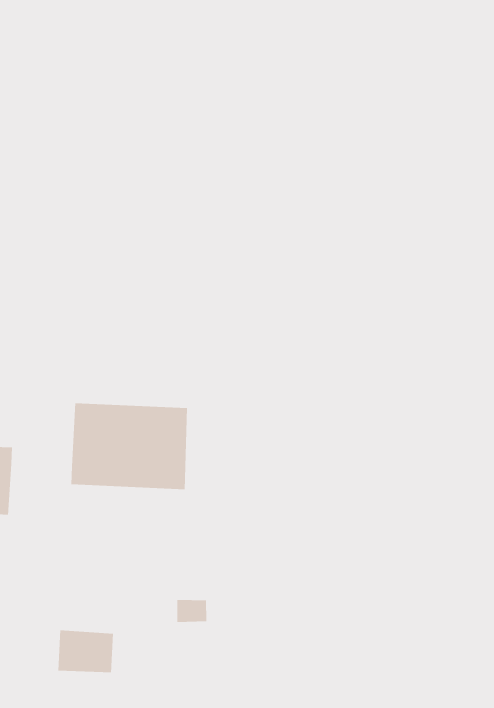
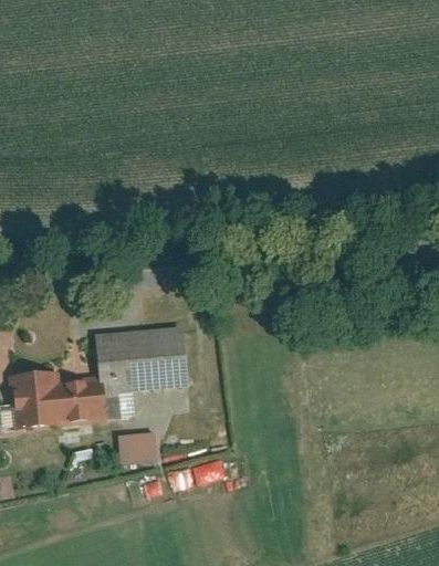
building: none -> [59,380,105,421]
building: [58,630,114,673] -> [113,434,155,467]

